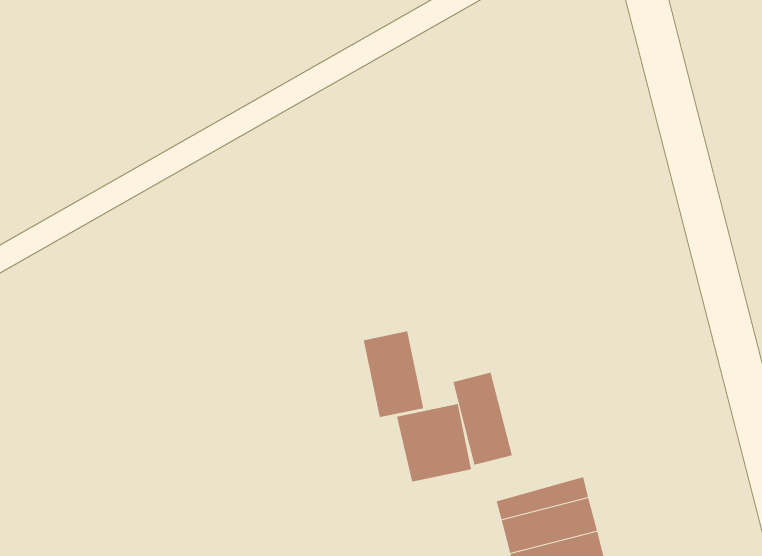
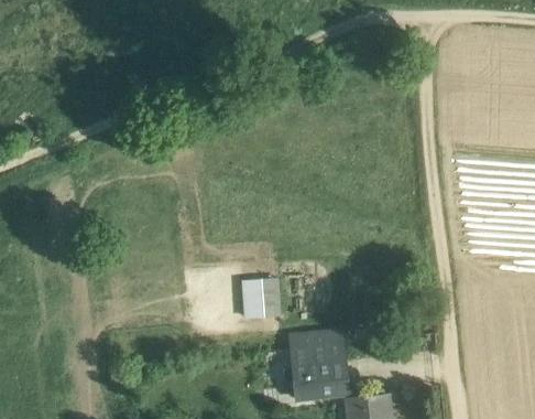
building: [363,331,424,418] -> none
building: [453,372,513,466] -> none

